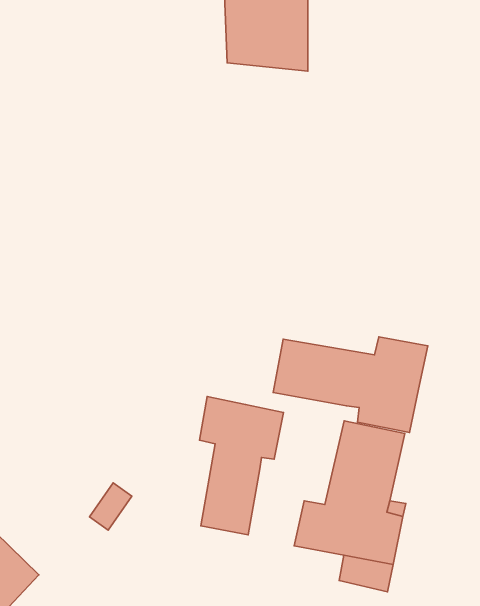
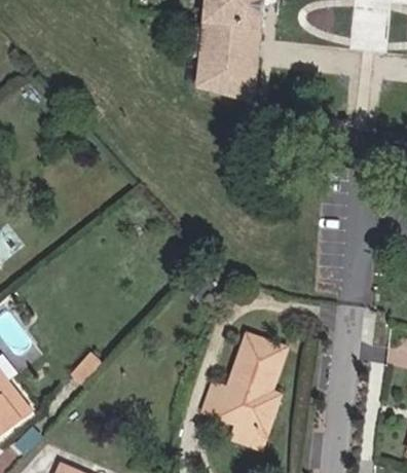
building: [273,337,428,432] -> none
building: [199,396,283,535] -> none

